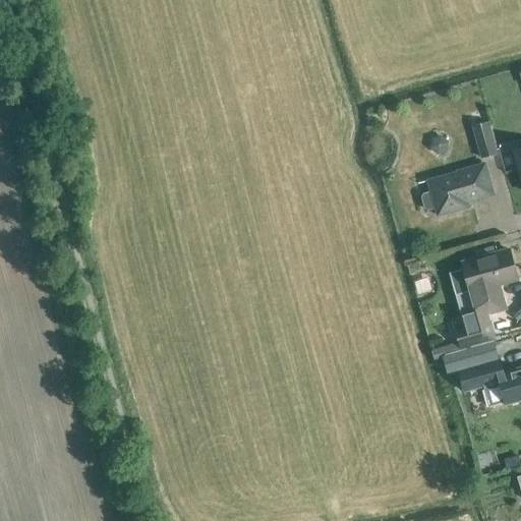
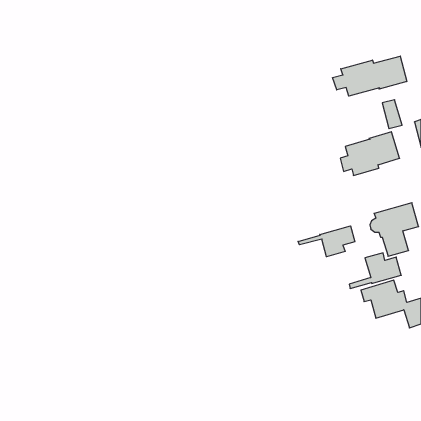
building: none -> [333,56,407,96]
building: none -> [298,226,355,257]

